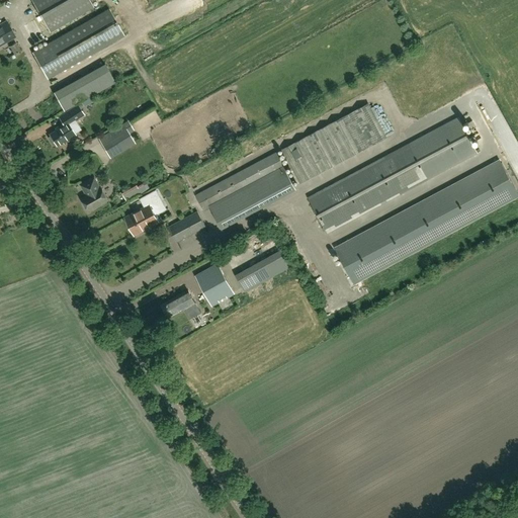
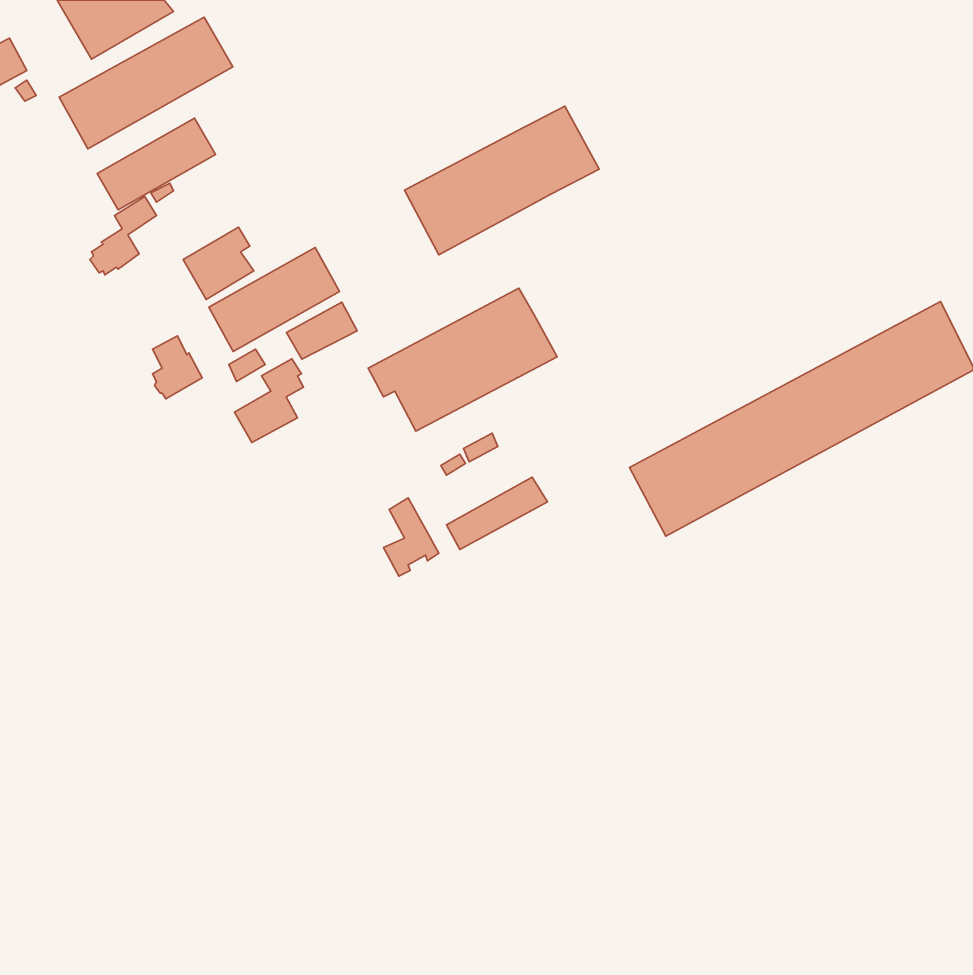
building: [281,104,384,183] -> [405,106,599,255]
building: [308,117,477,233] -> none
building: none -> [209,248,339,351]
building: [167,211,204,242] -> [286,302,357,359]
building: [161,290,199,319] -> none

